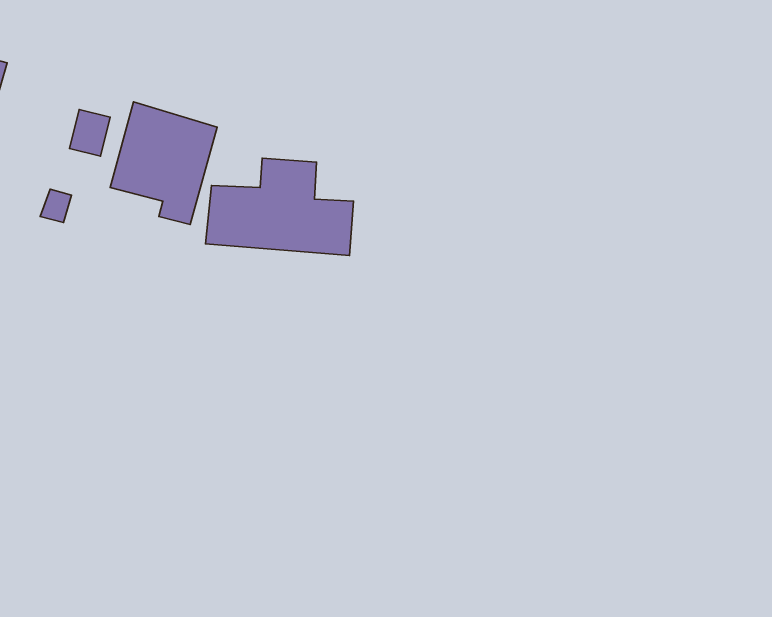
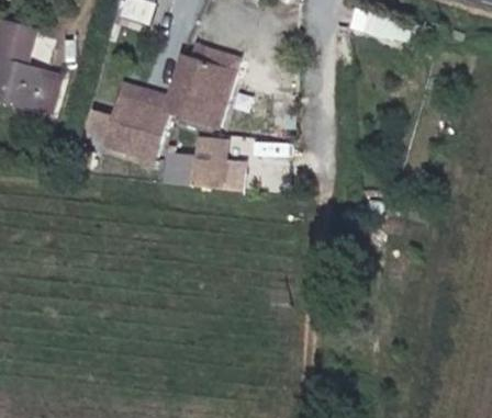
building: none -> [172,45,244,125]

